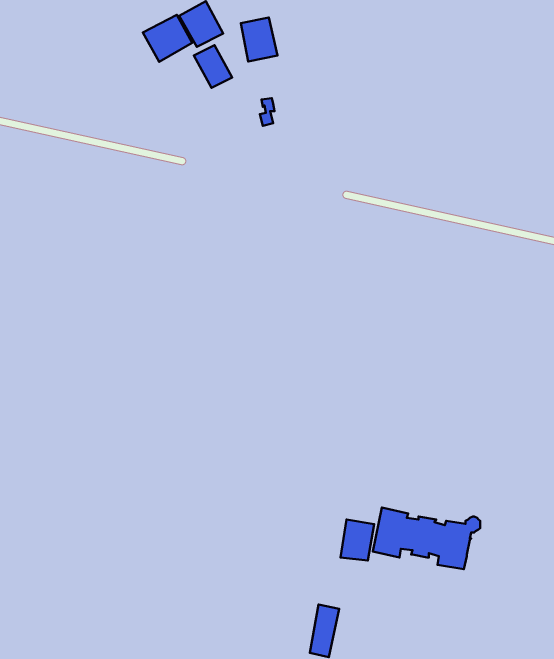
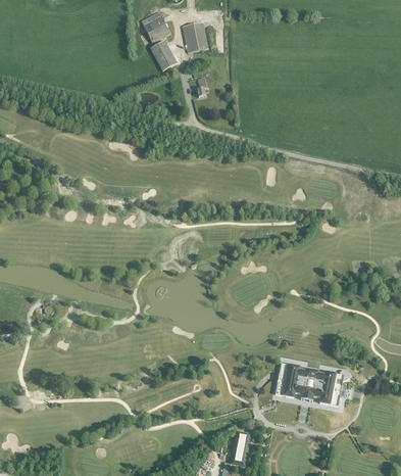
building: [143,15,192,62] -> none
building: [341,519,374,561] -> none

